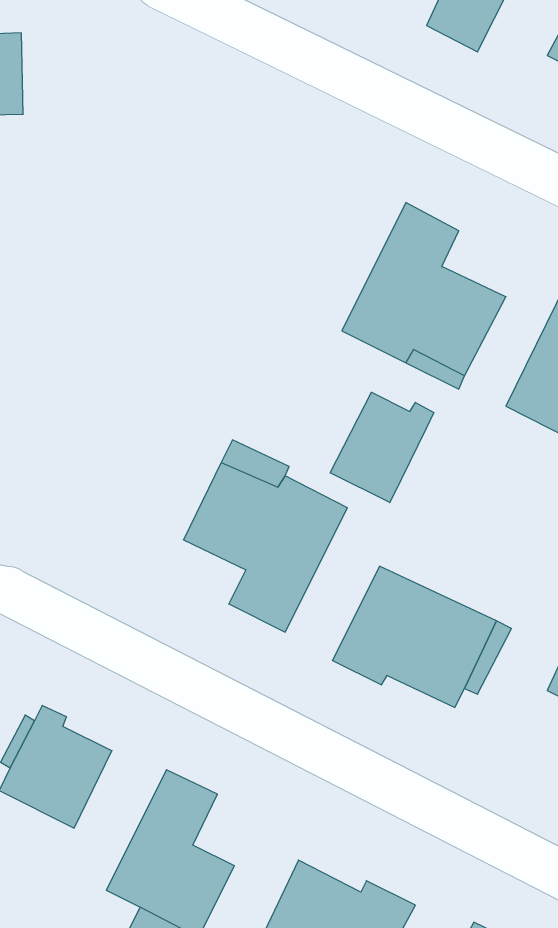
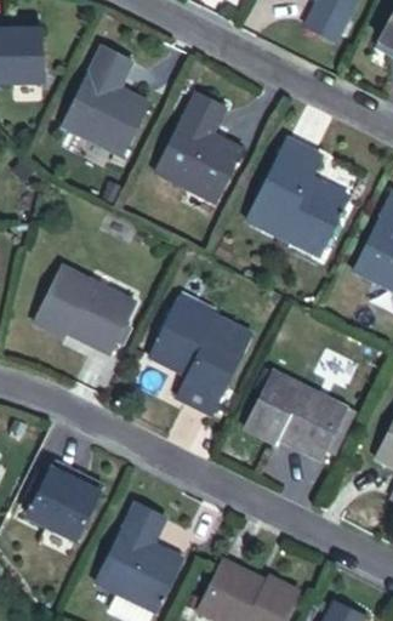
building: none -> [66,46,146,152]
building: none -> [158,90,240,198]
building: [330,392,434,503] -> none
building: none -> [34,266,135,351]

